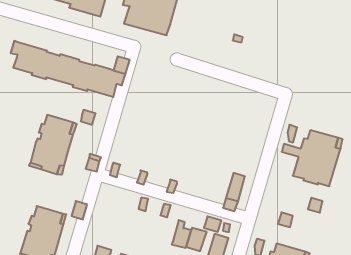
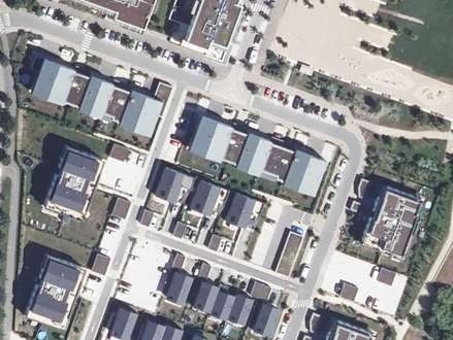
building: none -> [190,114,325,189]
building: none -> [155,167,190,203]
building: none -> [190,179,225,215]
building: none -> [225,192,261,228]
building: none -> [166,272,192,303]
building: none -> [193,281,219,310]

